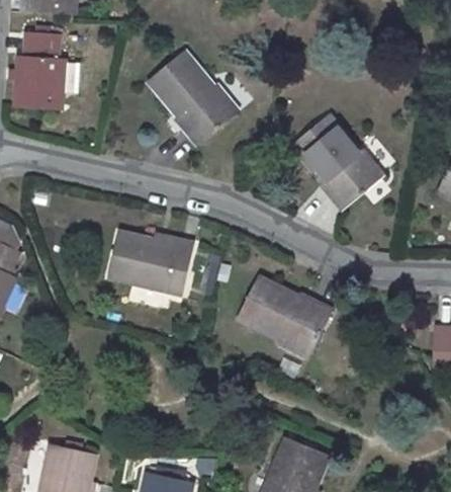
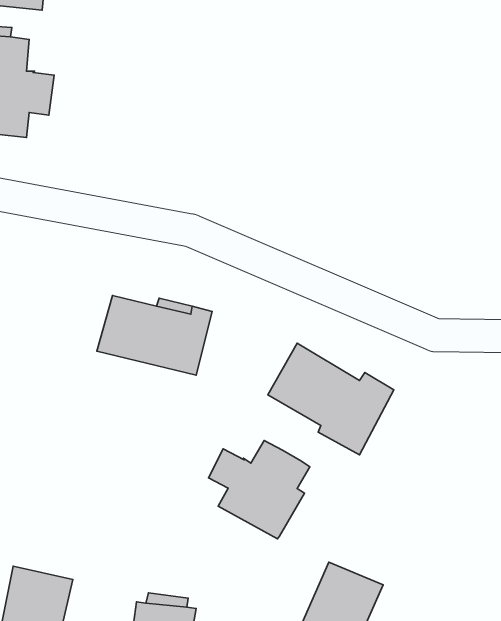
building: [154,50,241,146] -> none
building: [295,113,381,209] -> none
building: none -> [208,441,310,539]

